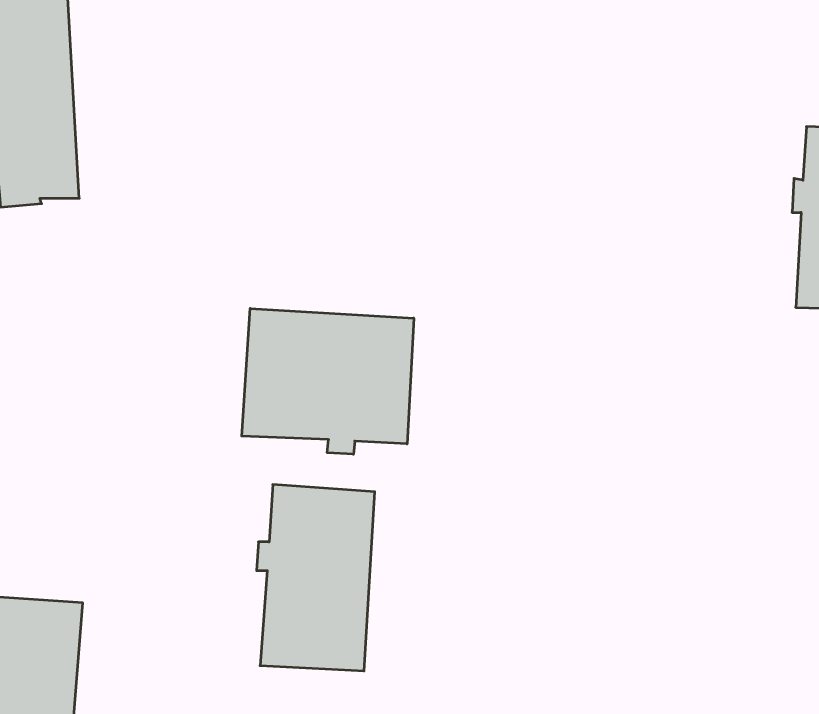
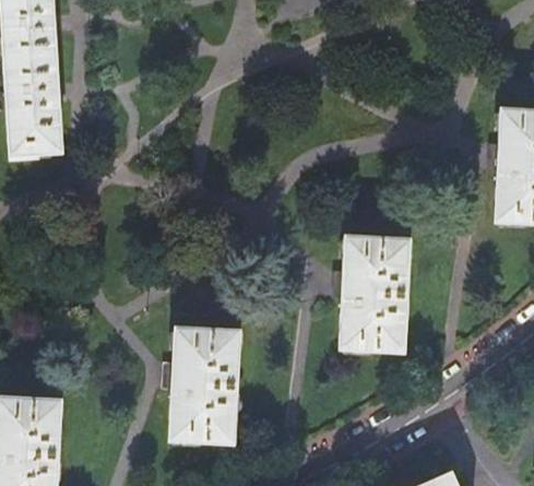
building: [242,308,414,454] -> none
building: none -> [340,236,411,352]

